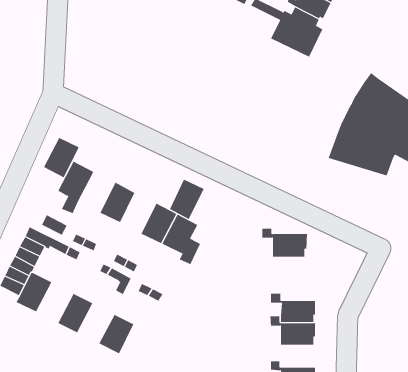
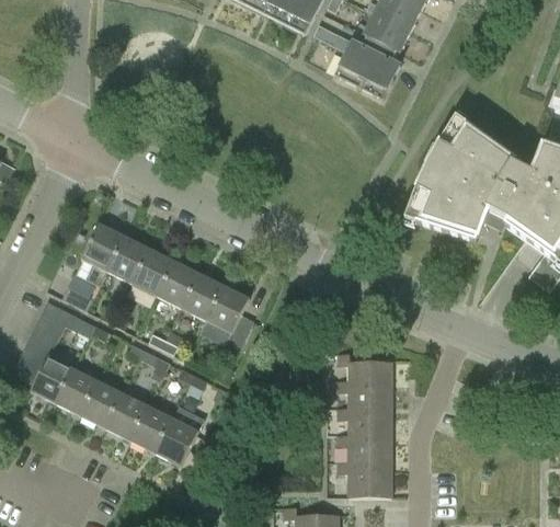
building: [43,137,80,178] -> [106,234,150,284]
building: [169,179,205,220] -> [157,260,199,309]
building: [261,228,308,257] -> [336,354,392,389]
building: none -> [56,367,100,416]
building: none -> [105,392,149,440]
building: none -> [156,405,205,466]
building: none -> [335,435,391,469]

